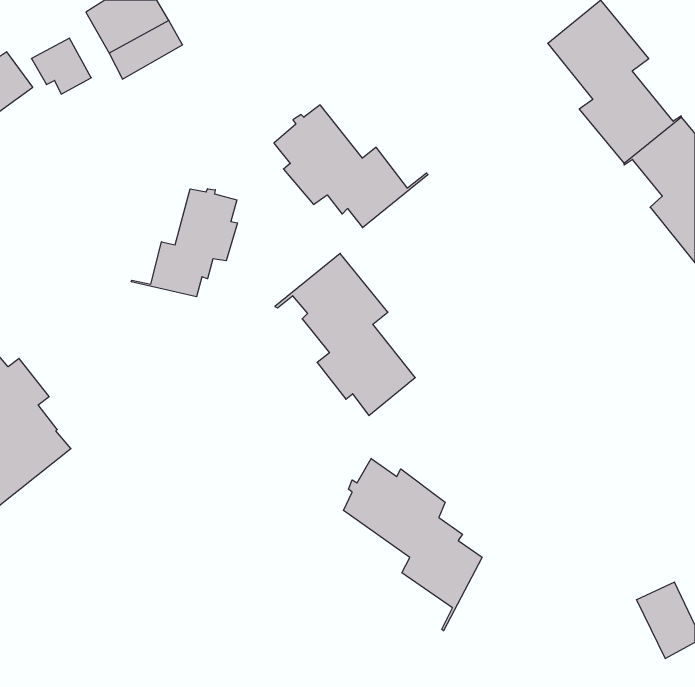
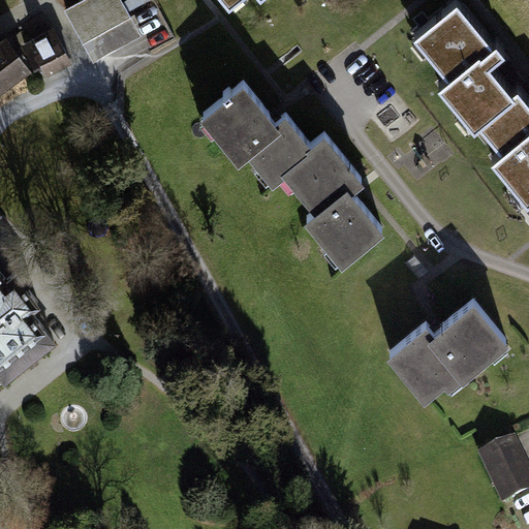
building: [131,189,238,297] -> none
building: [275,253,415,416] -> [275,139,381,262]
building: none -> [390,305,505,401]
building: [344,458,482,631] -> none

